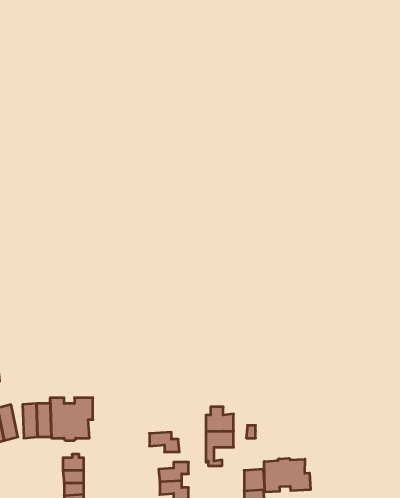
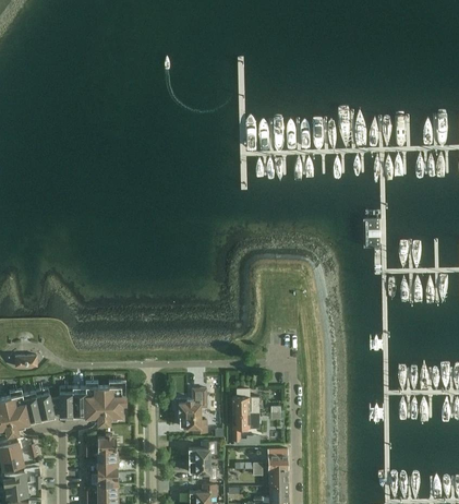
building: none -> [174,388,204,415]
building: [264,458,310,492] -> none

